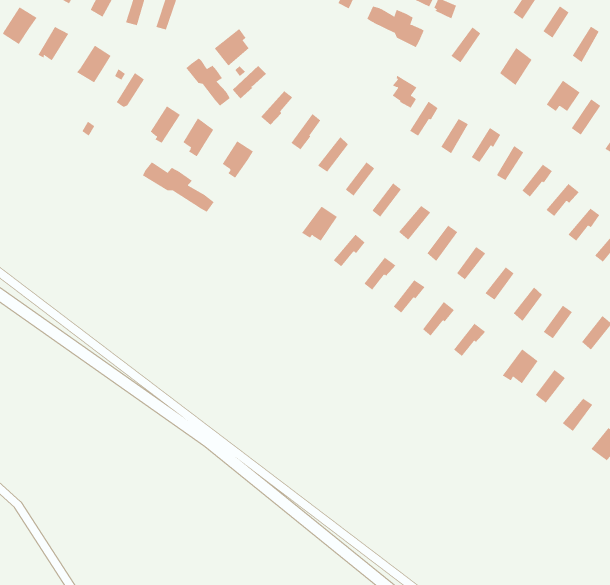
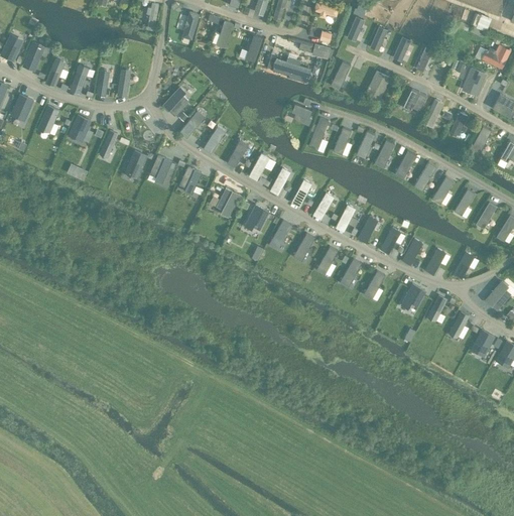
building: [185,58,231,106] -> none
building: [142,162,214,213] -> none
building: none -> [216,188,240,218]

